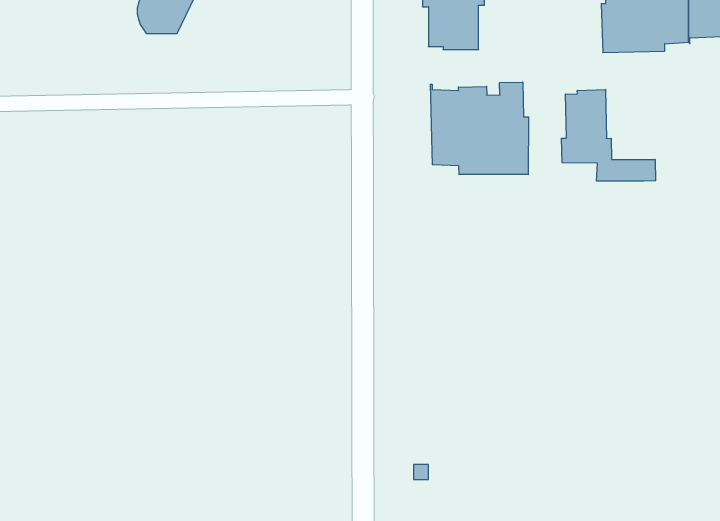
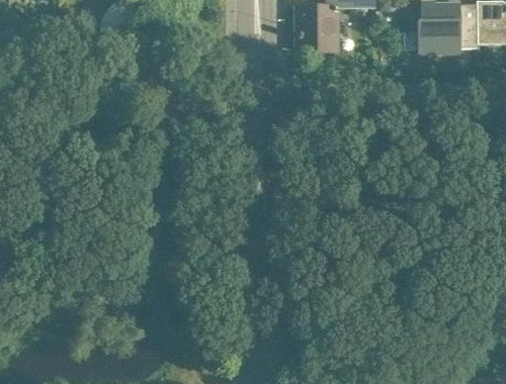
building: [430,82,529,175] -> none
building: [562,89,656,181] -> none

